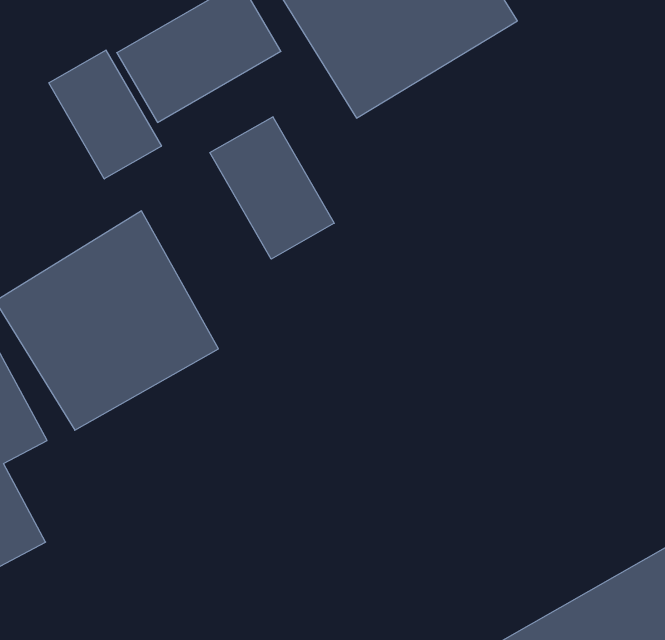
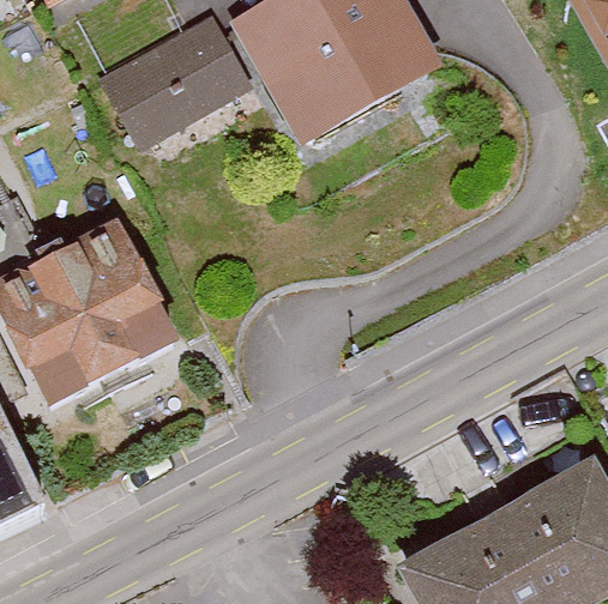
building: [49,50,161,179] -> none
building: [210,117,334,259] -> none

